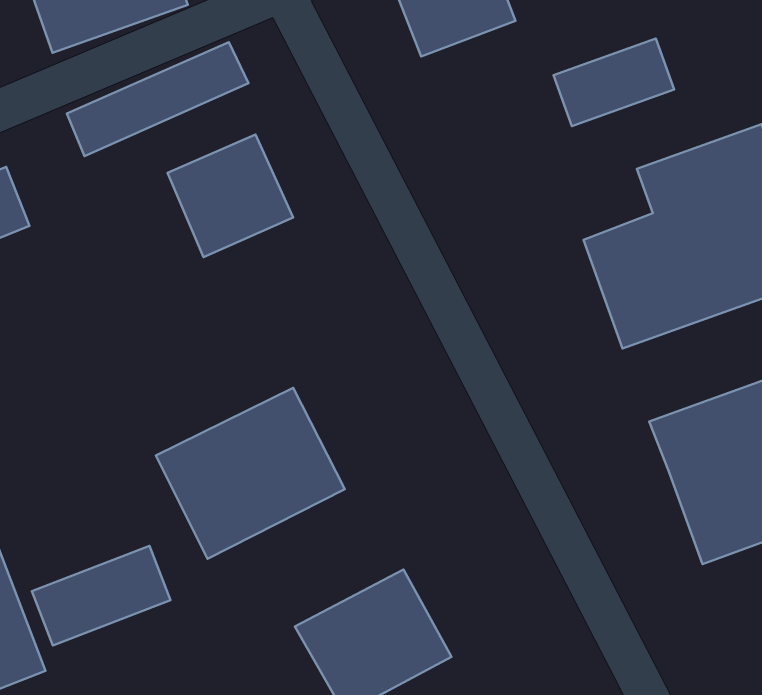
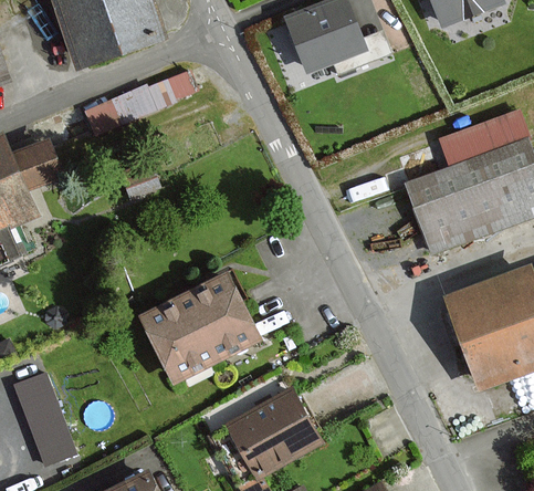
building: [554,39,674,126] -> none
building: [167,134,293,257] -> none
building: [32,546,171,645] -> none

